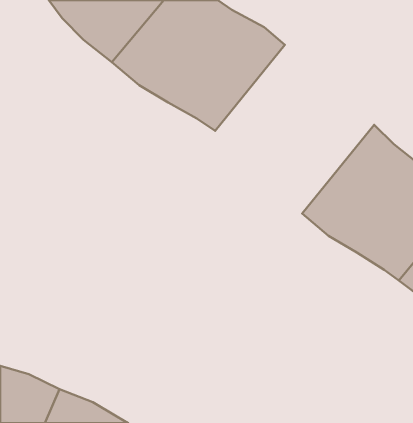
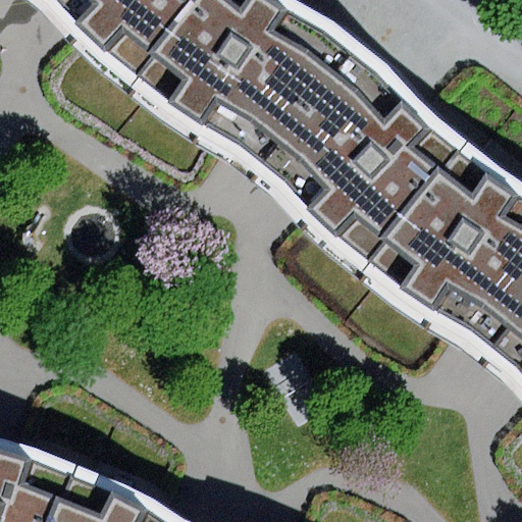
building: none -> [277,55,473,263]

